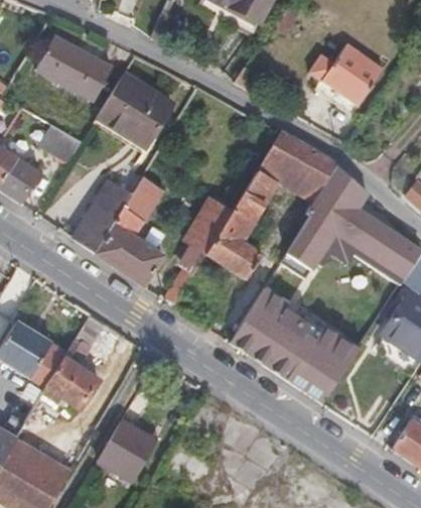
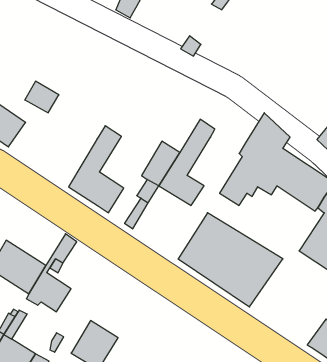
building: [36,36,111,99] -> none
building: [310,45,383,114] -> none
building: [96,74,172,147] -> none
building: [258,131,337,213] -> none
building: [73,182,130,254] -> none

